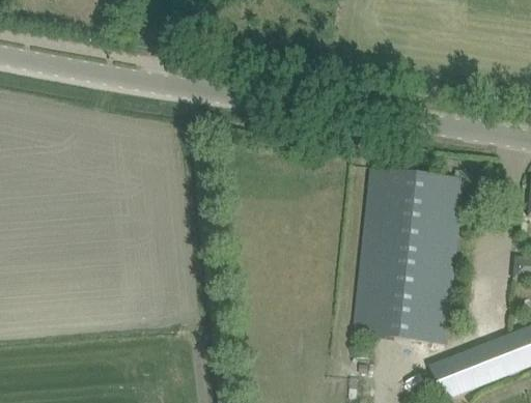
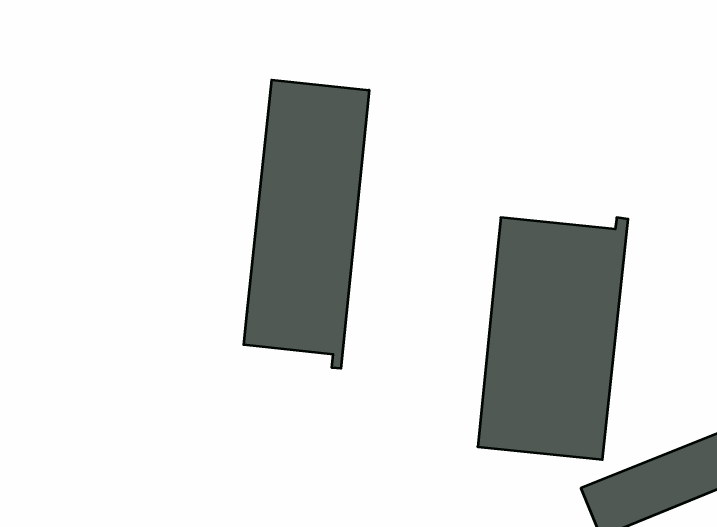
building: none -> [244,80,369,368]

